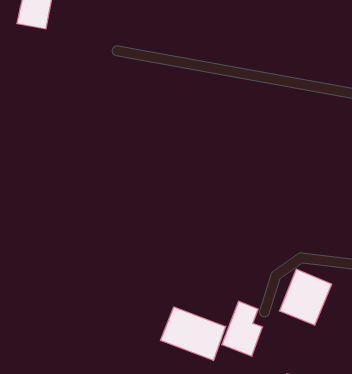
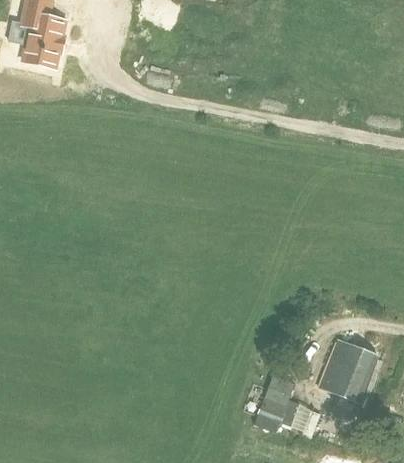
building: [161,307,226,361] -> none

